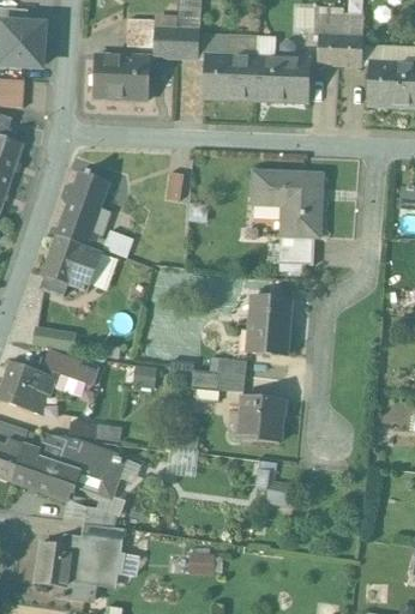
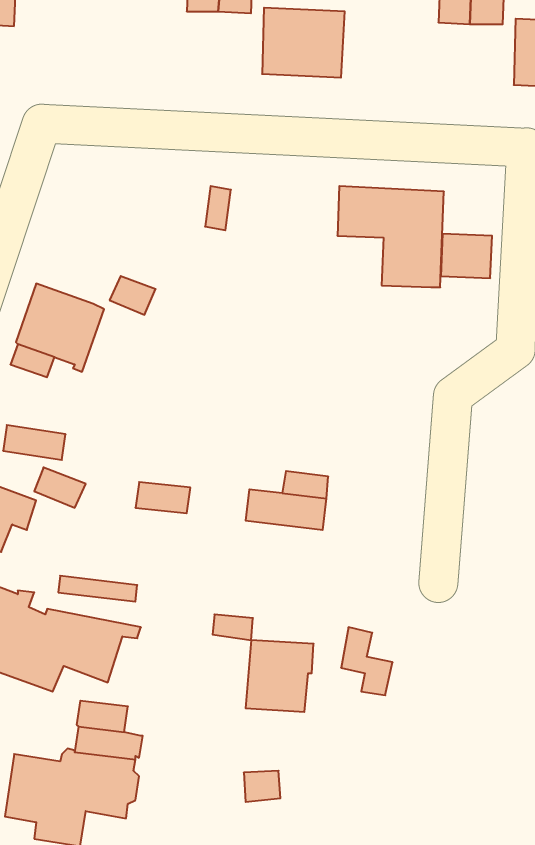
building: [95,54,149,100] -> none
building: [255,56,311,102] -> none
building: [56,169,112,247] -> none
building: [281,235,314,264] -> [441,234,492,278]
building: [247,296,291,355] -> none
building: [241,395,285,441] -> [246,640,314,712]

